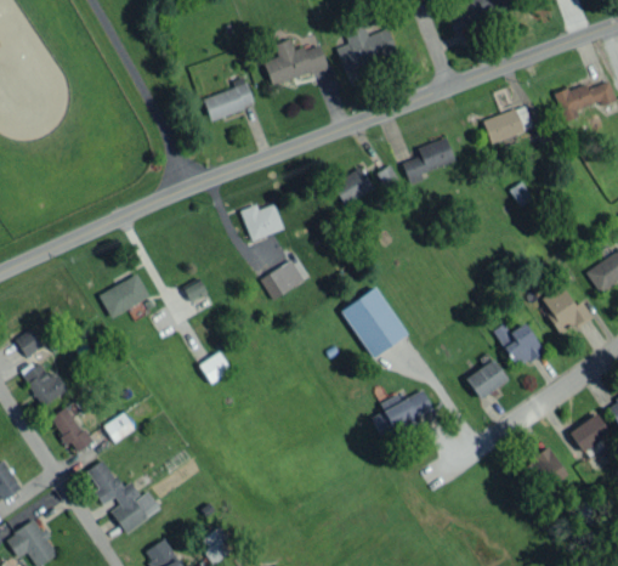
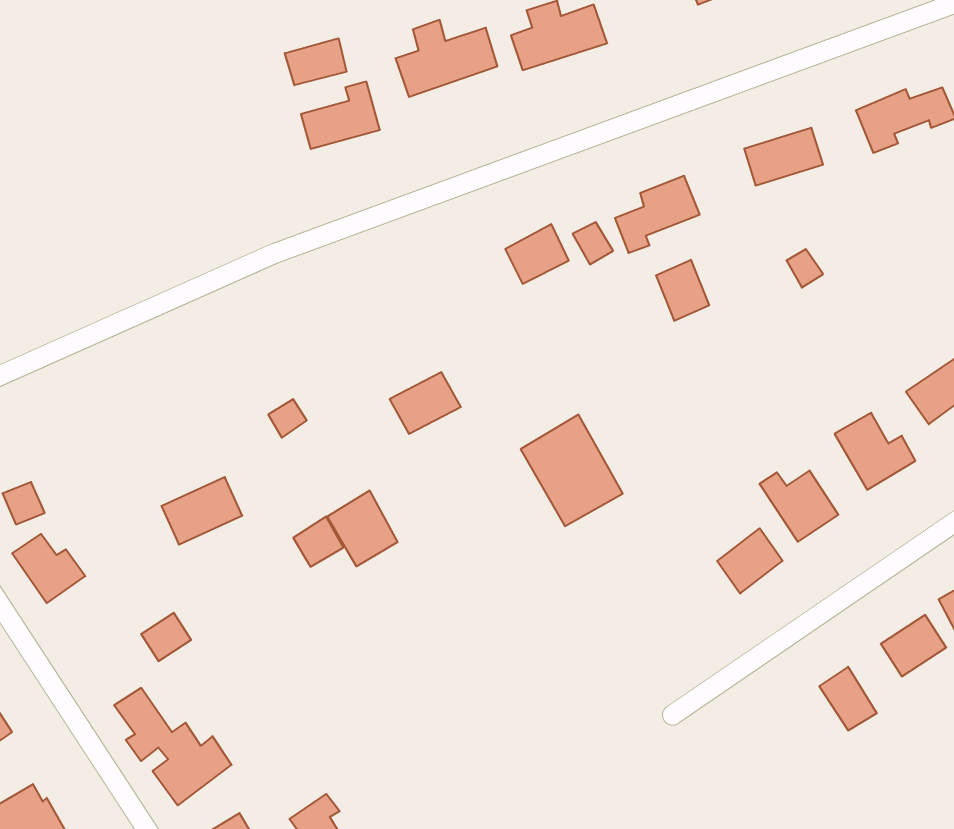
building: none -> [285,38,347,85]
building: none -> [656,260,709,321]
building: [240,204,284,242] -> none
building: [98,276,149,318] -> [161,477,242,545]
building: none -> [327,490,397,566]
building: [372,390,432,438] -> none
building: [50,407,91,455] -> none

